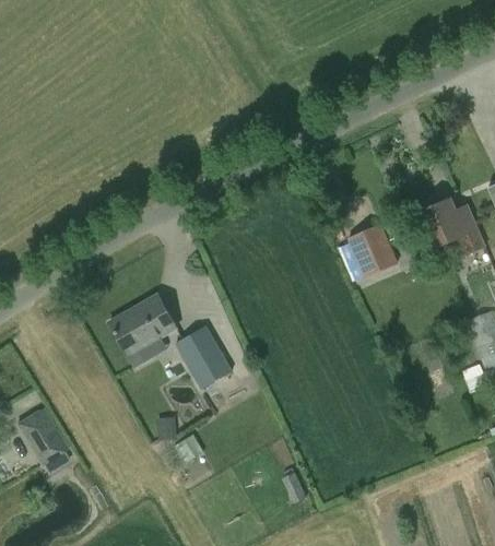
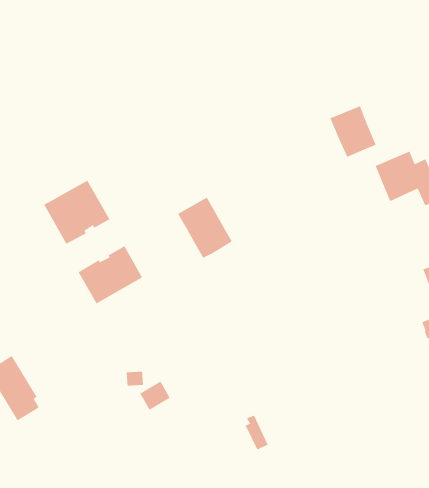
building: [349,224,397,277] -> [330,105,376,158]
building: none -> [44,180,110,244]
building: [176,325,233,389] -> [177,197,233,259]

